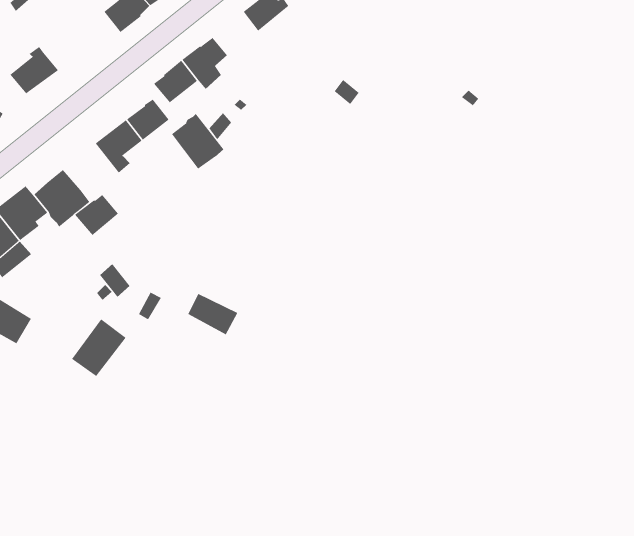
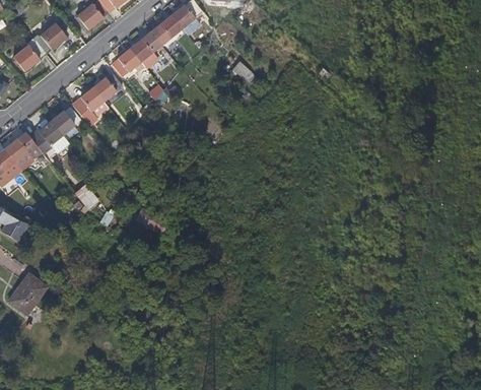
building: none -> [150,15,181,45]
building: none -> [36,24,66,55]
building: [171,113,224,169] -> none
building: [74,194,119,236] -> [49,108,79,136]
building: [71,318,126,377] -> [10,272,48,312]

